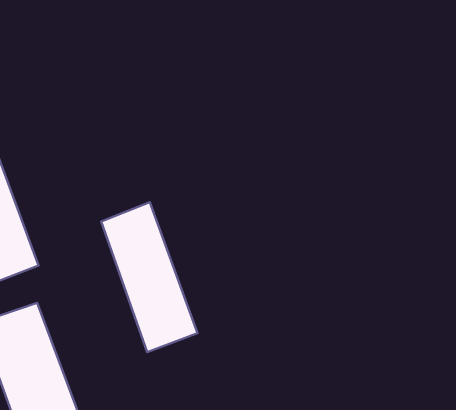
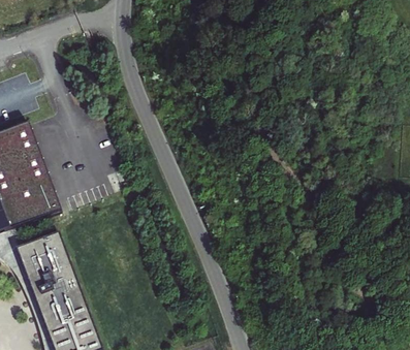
building: [101,202,197,352] -> none

